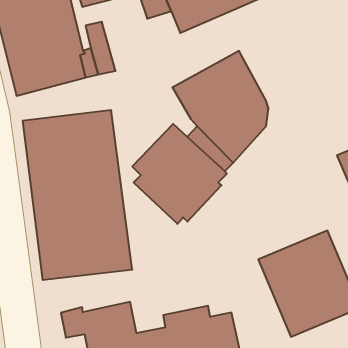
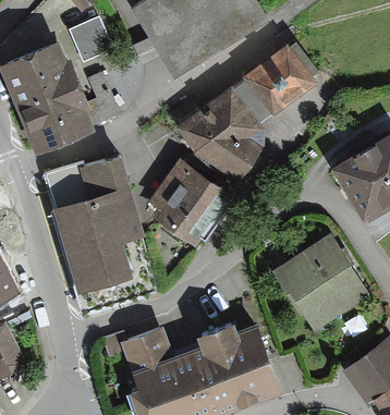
building: none -> [231,40,319,125]

